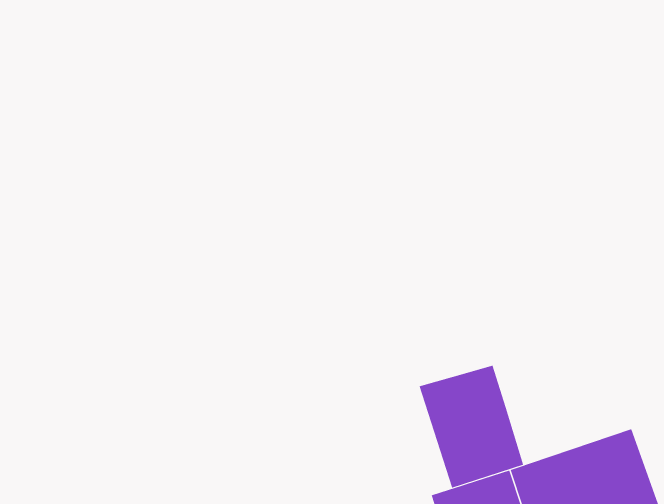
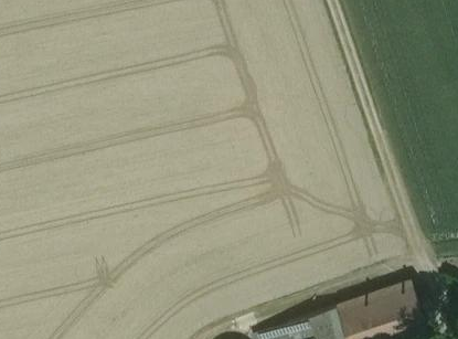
building: [419,365,524,488] -> none

